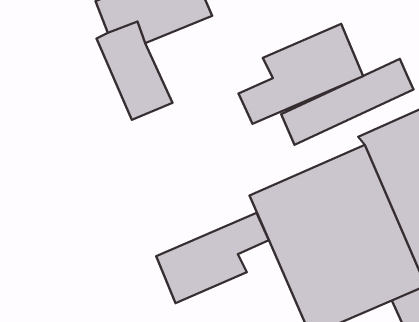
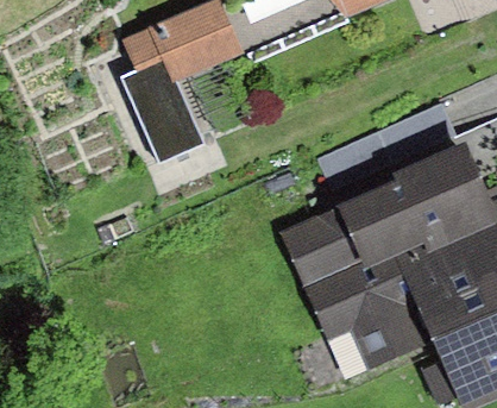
building: [239,24,363,124] -> none
building: [156,213,269,303] -> none

